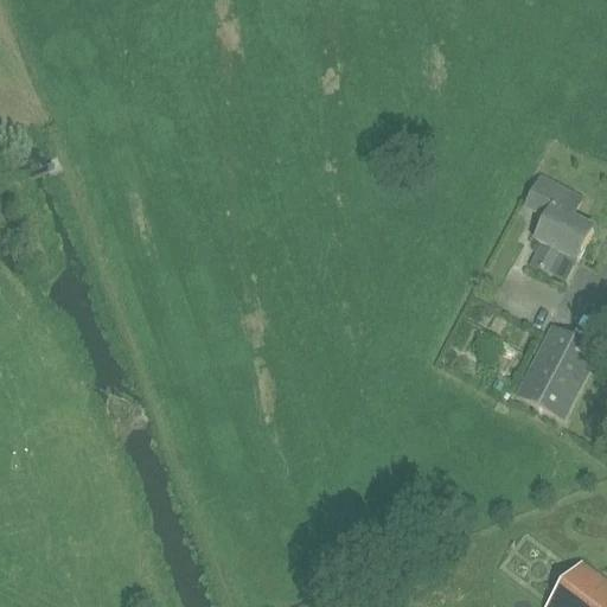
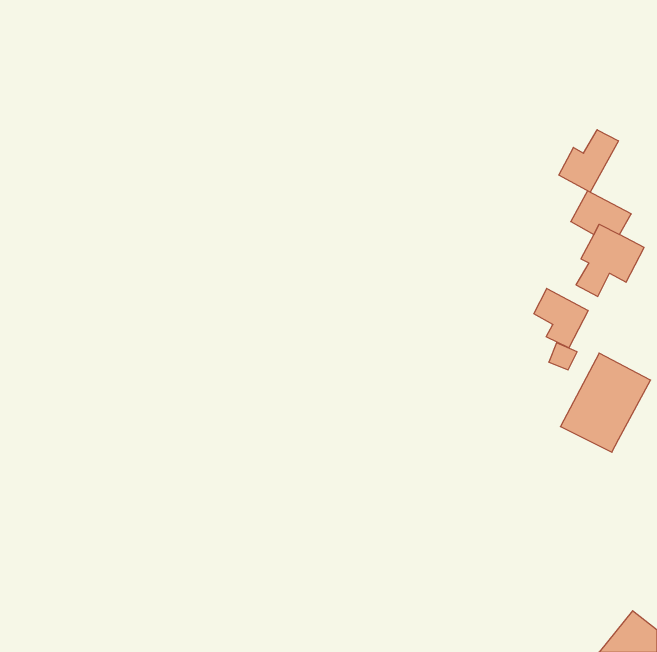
building: none -> [559,130,618,192]
building: none -> [534,288,588,348]

